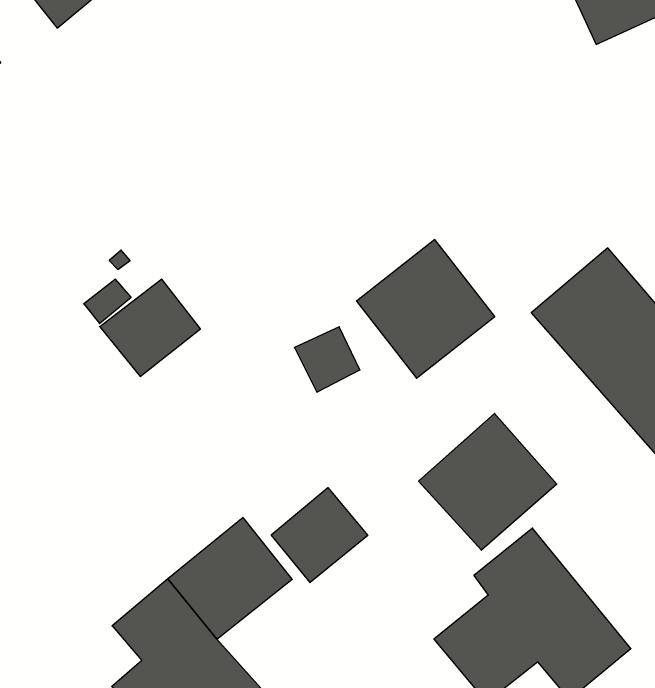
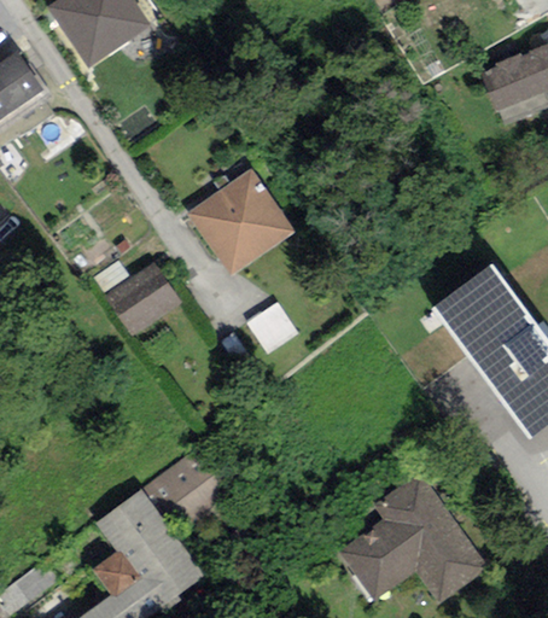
building: [356,240,495,378] -> [188,169,292,273]
building: [419,413,557,550] -> none
building: [271,488,368,583] -> none

